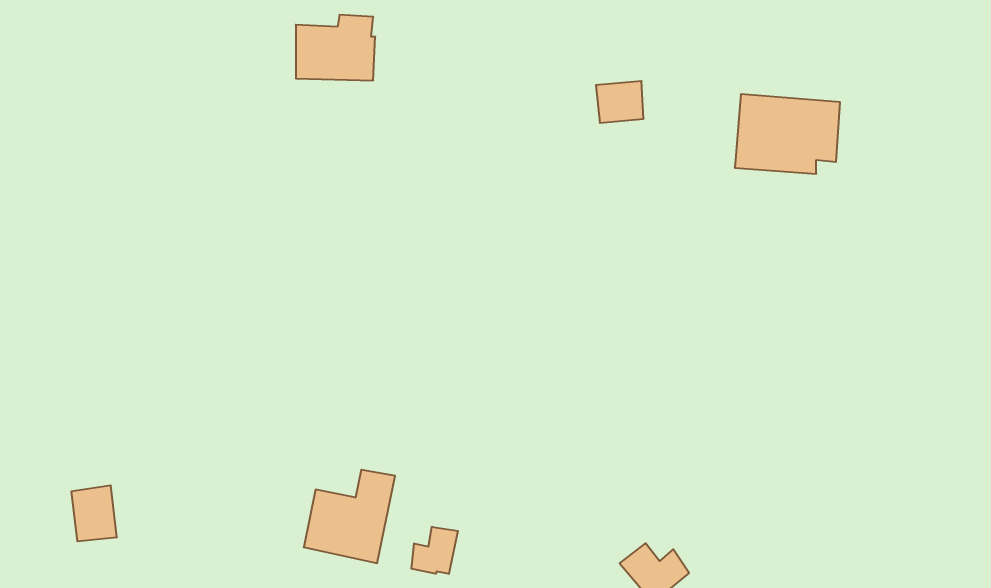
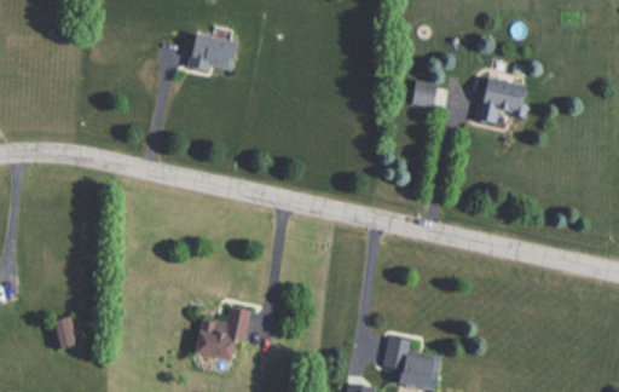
building: [596,81,644,123] -> [415,82,444,108]
building: [411,527,458,574] -> none

